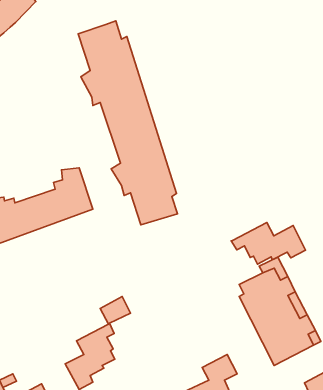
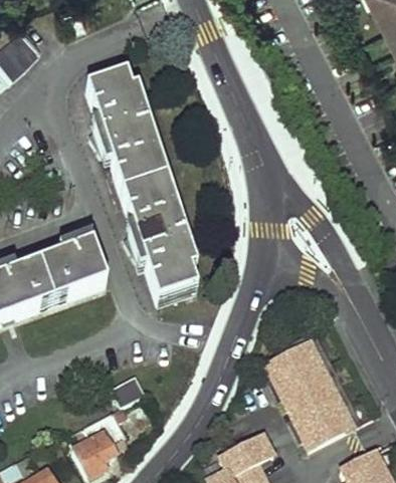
building: [231,223,306,264] -> none

